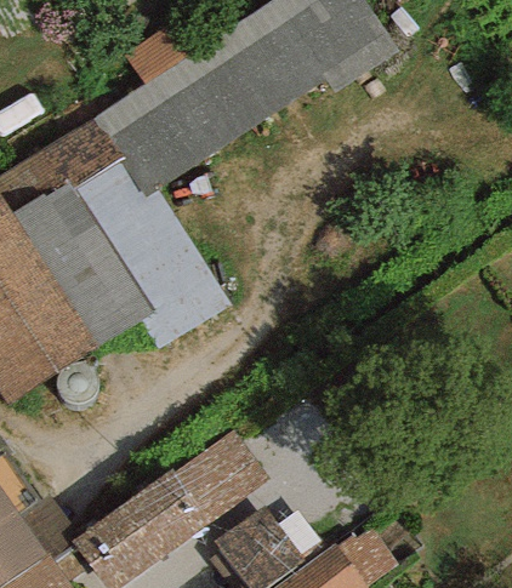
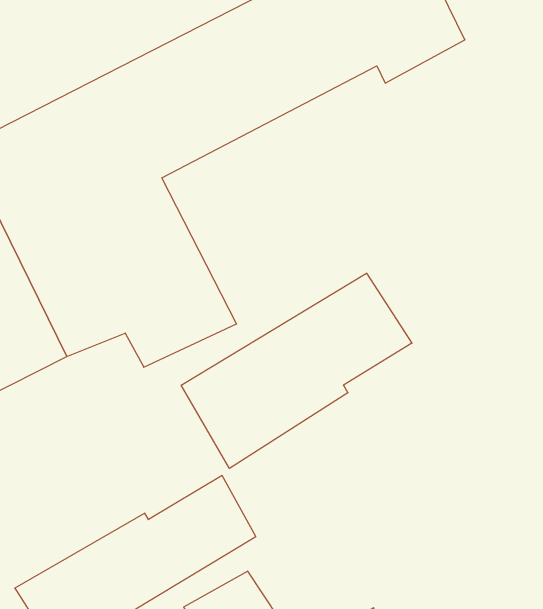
building: none -> [181,273,412,468]

